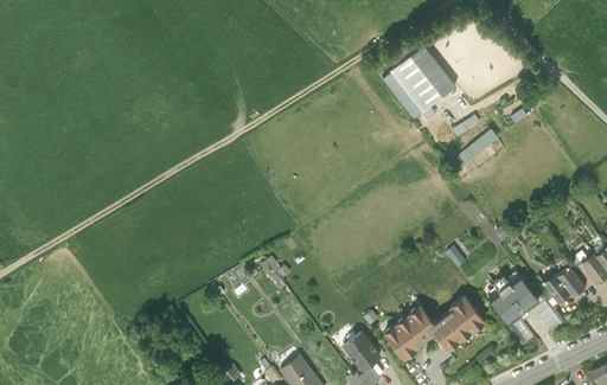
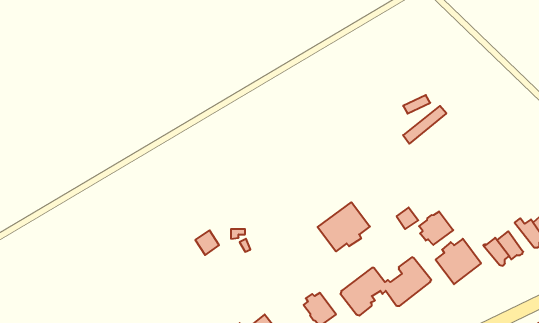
building: [390,46,455,122] -> none
building: none -> [318,202,370,251]
building: none -> [419,211,453,245]

